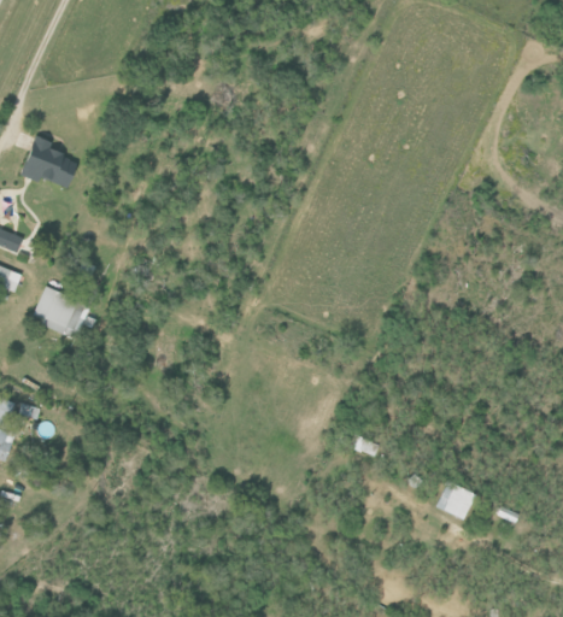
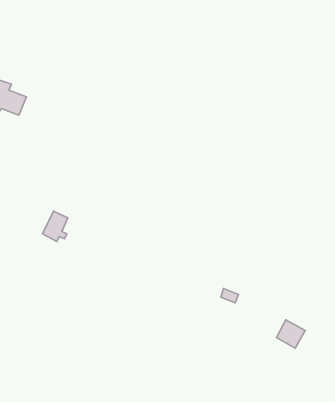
building: [43,292,80,335] -> [42,211,68,241]

